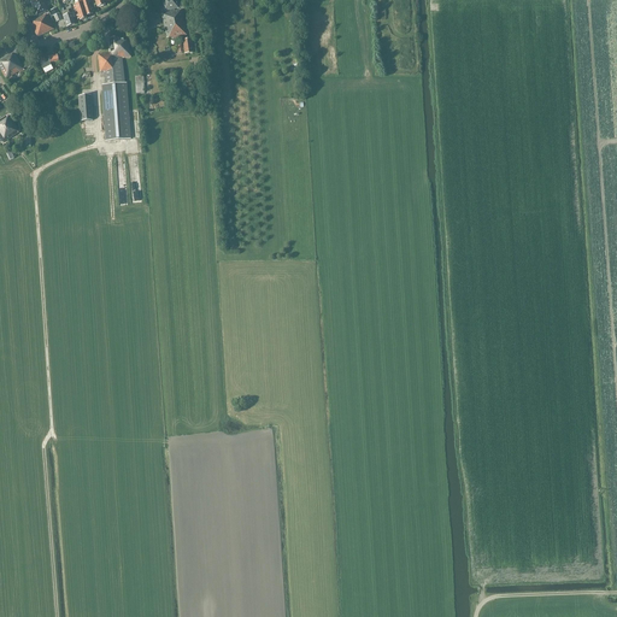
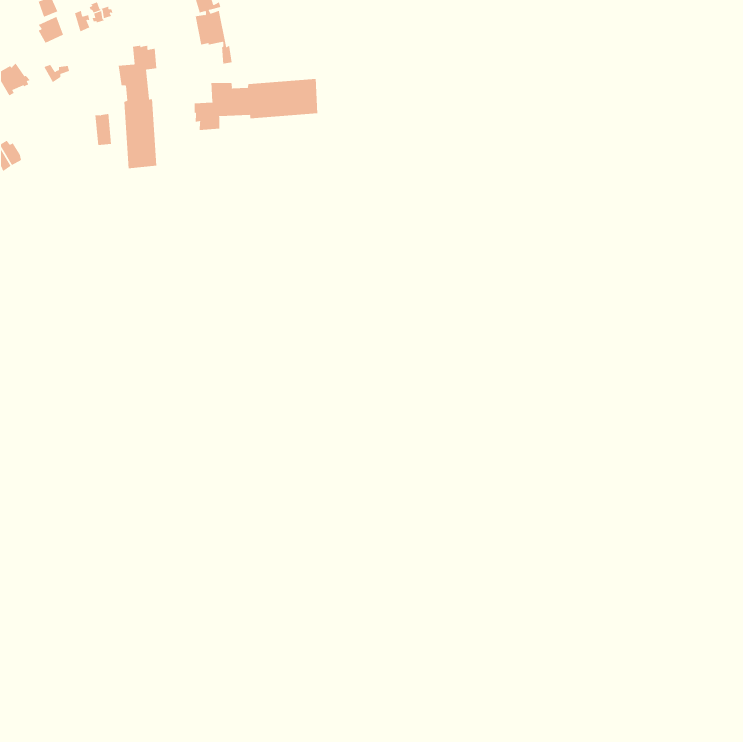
building: none -> [194,78,318,131]

